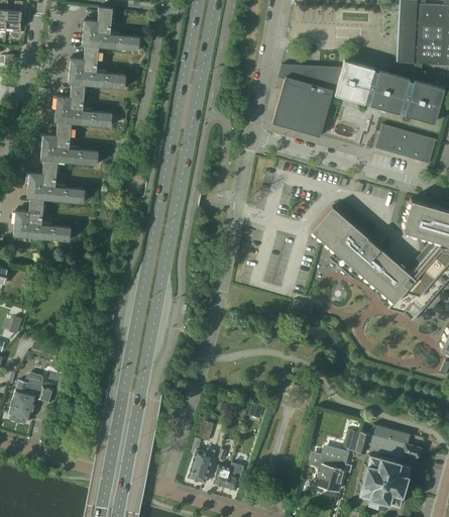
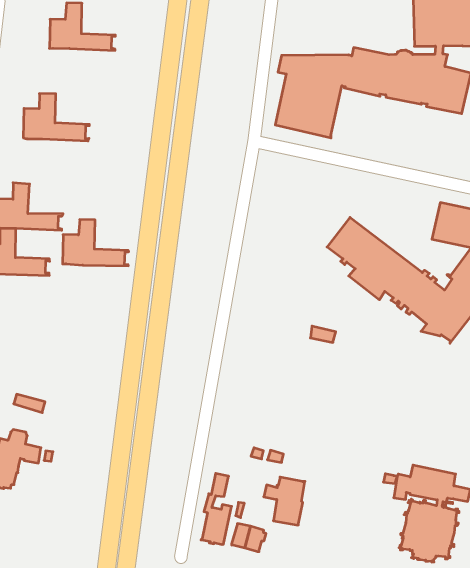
building: [68,45,125,89] -> none
building: [40,122,98,165] -> [63,220,129,266]
building: [375,124,436,164] -> none
building: [310,447,346,490] -> [264,477,305,525]

